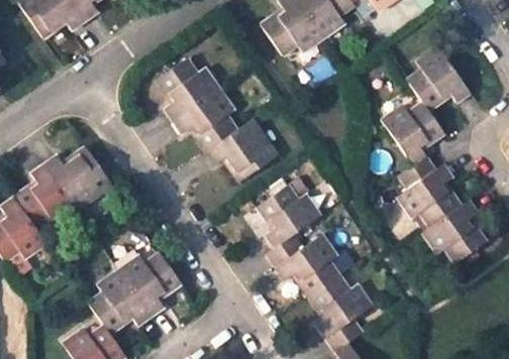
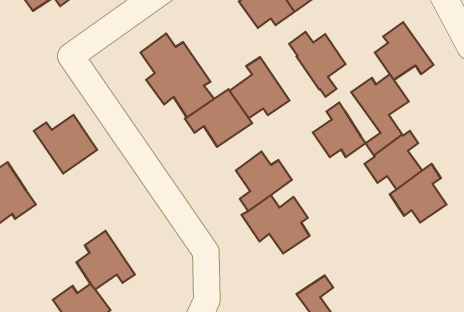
building: none -> [289,32,346,97]
building: none -> [230,57,290,118]
building: none -> [313,102,365,157]
building: [15,163,75,227] -> none
building: [120,253,180,317] -> none
building: [310,275,371,338] -> none

